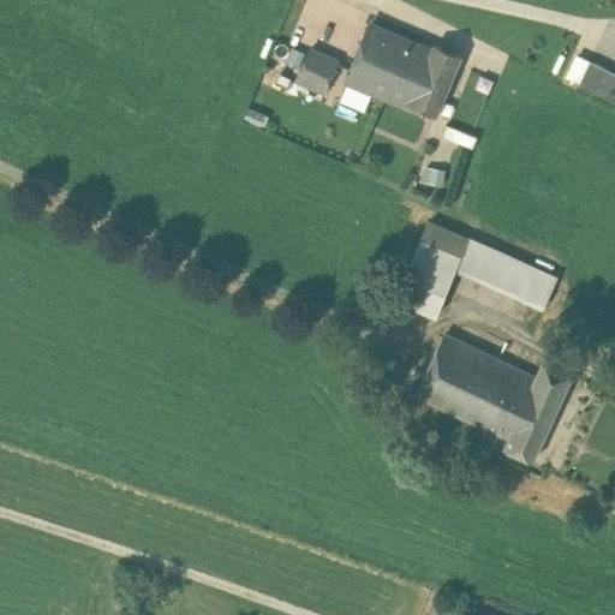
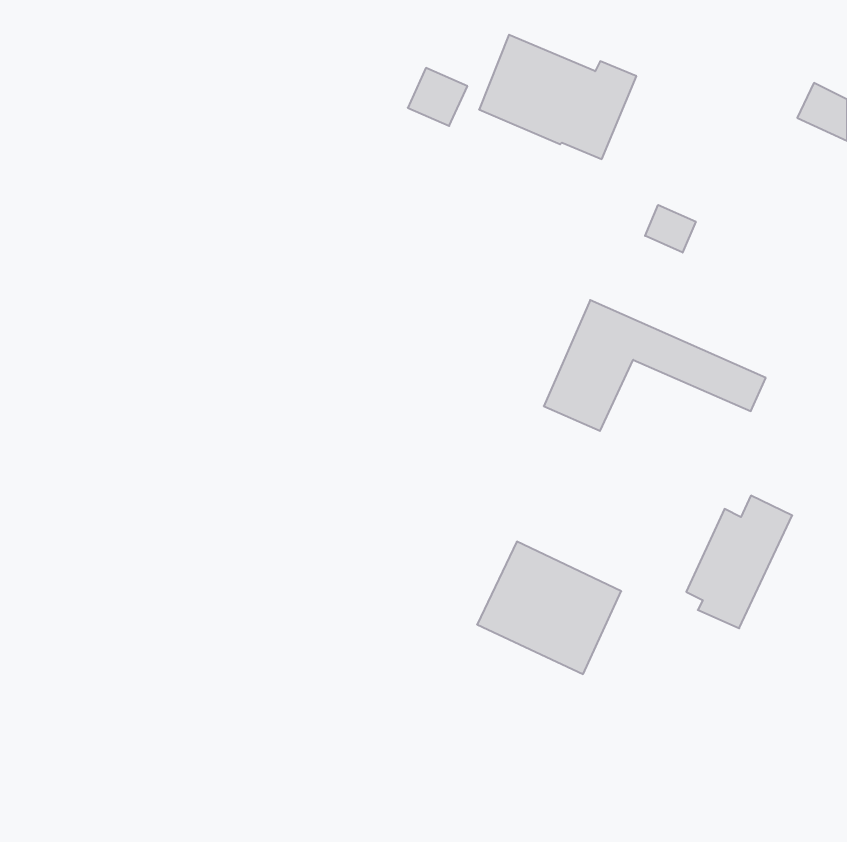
building: none -> [645,205,696,253]
building: [420,336,525,432] -> [477,542,621,674]

